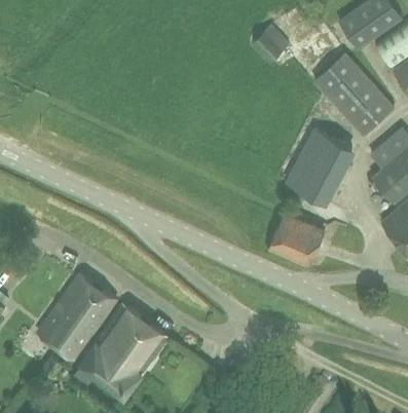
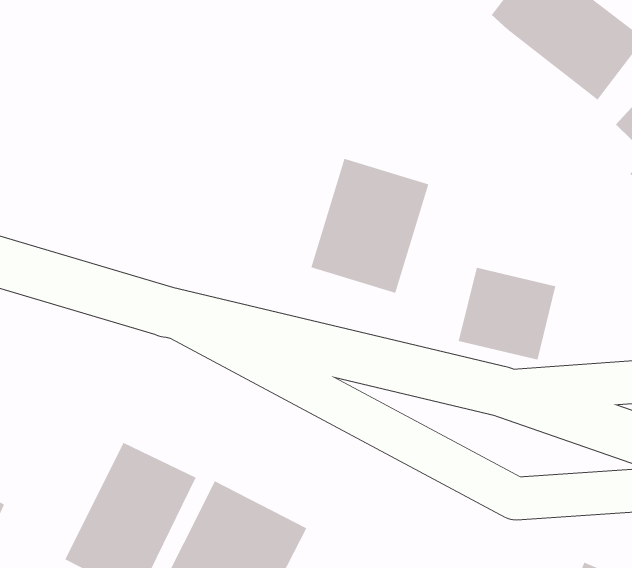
building: [281,123,351,200] -> [311,158,429,294]

